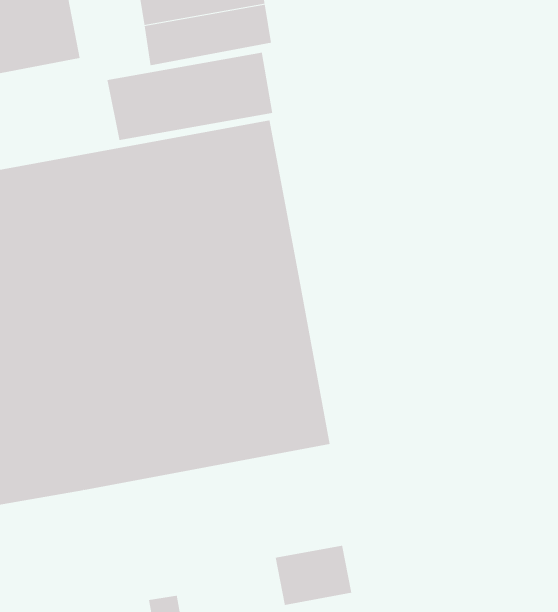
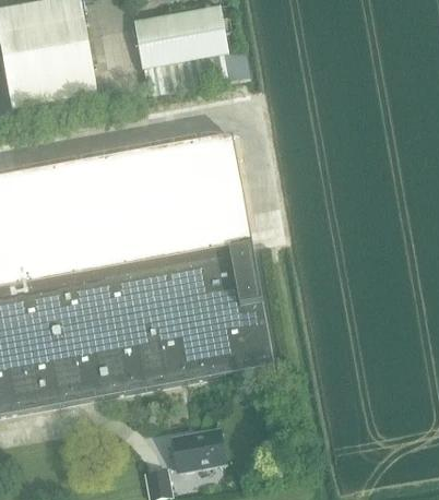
building: [107,52,273,141] -> none
building: [275,545,352,605] -> [169,430,224,473]

